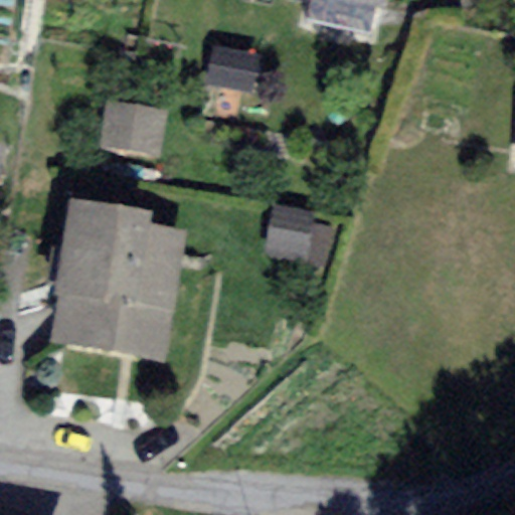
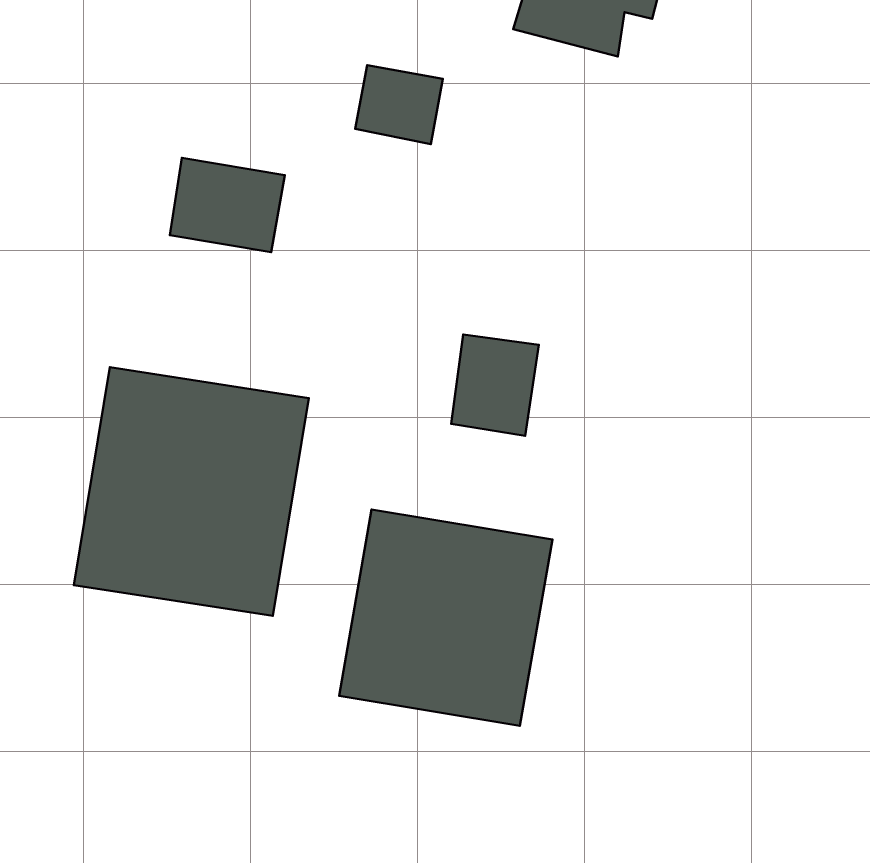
building: none -> [339,509,552,726]

